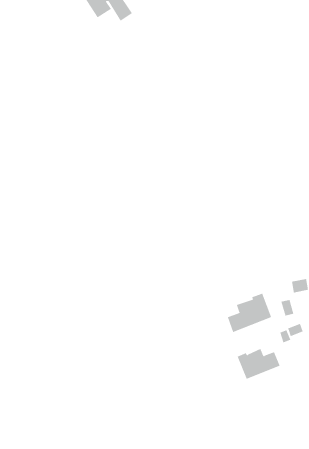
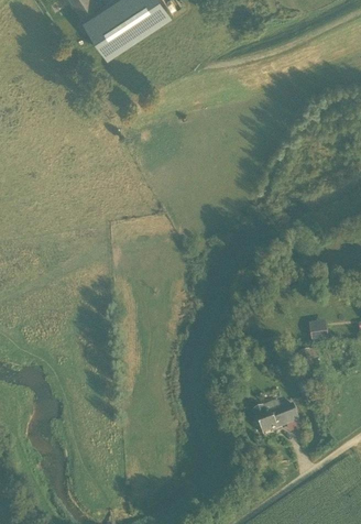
building: [227,293,272,333] -> none

